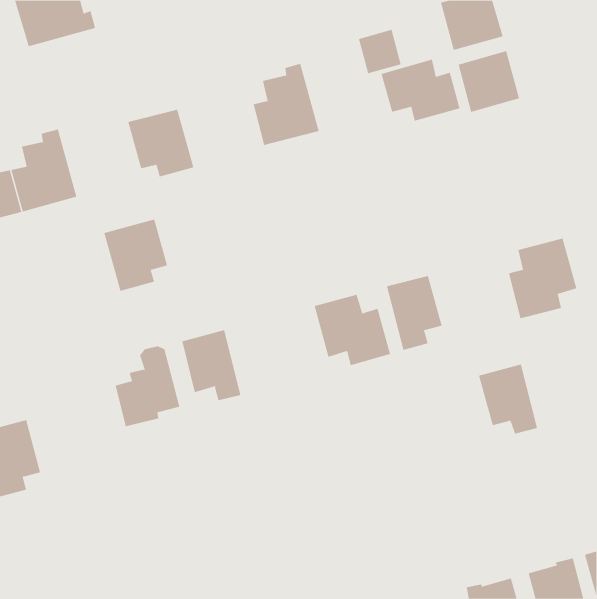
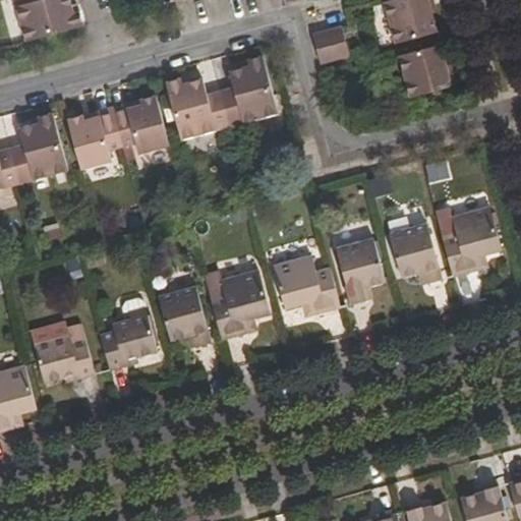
building: [381,59,460,121] -> none
building: none -> [165,78,229,139]
building: [103,219,168,291] -> [66,106,122,169]
building: none -> [211,270,270,340]
building: [478,364,538,434] -> [389,224,441,285]
building: none -> [32,325,95,384]

